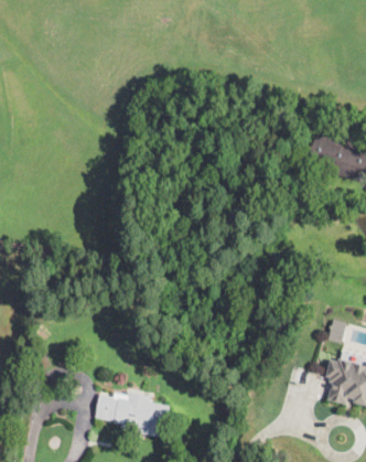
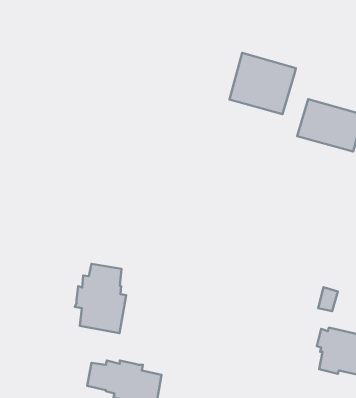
building: none -> [230,53,296,114]
building: none -> [75,264,126,333]

